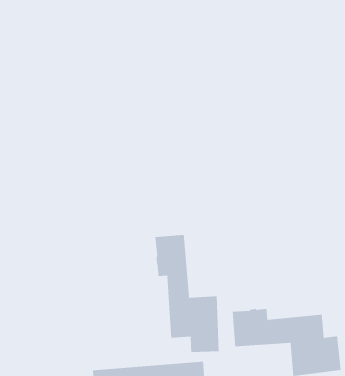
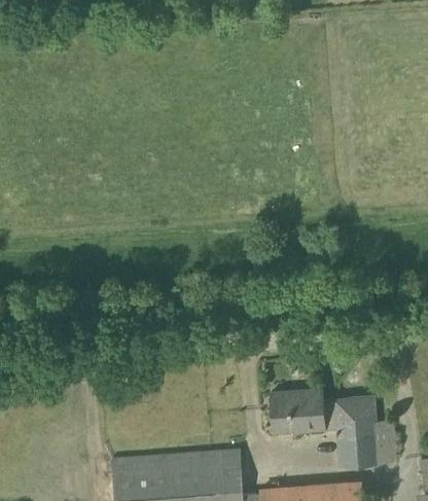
building: [155,234,219,353] -> none

